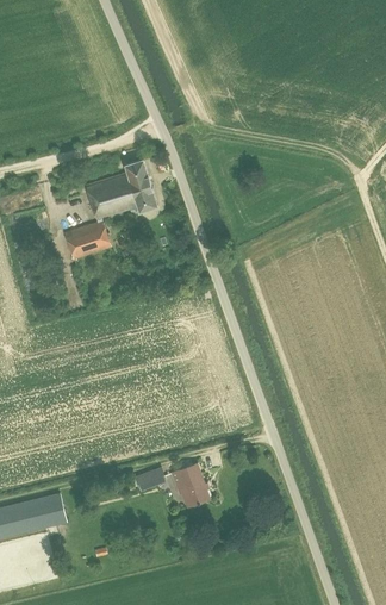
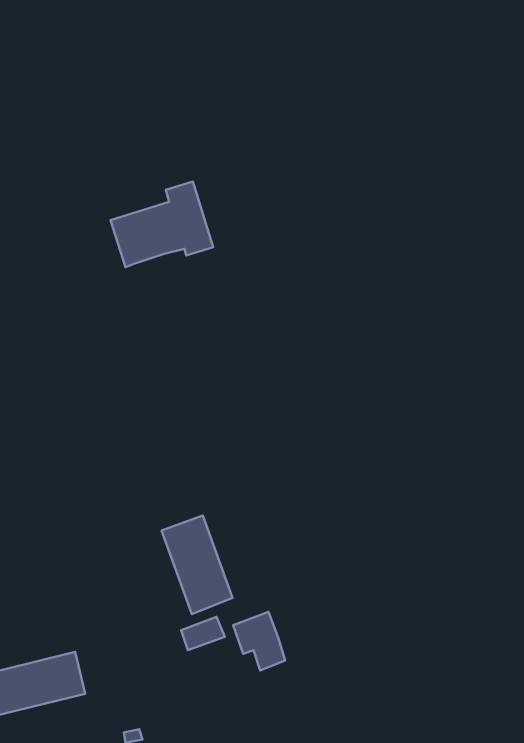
building: [63,222,111,261] -> none
building: none -> [161,515,232,614]

